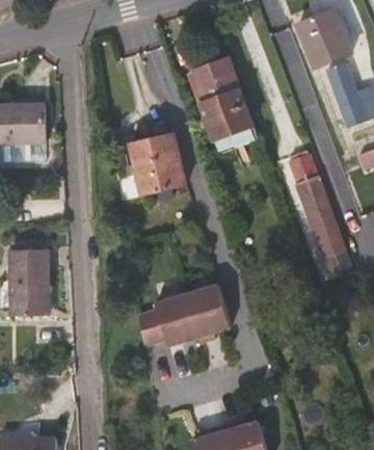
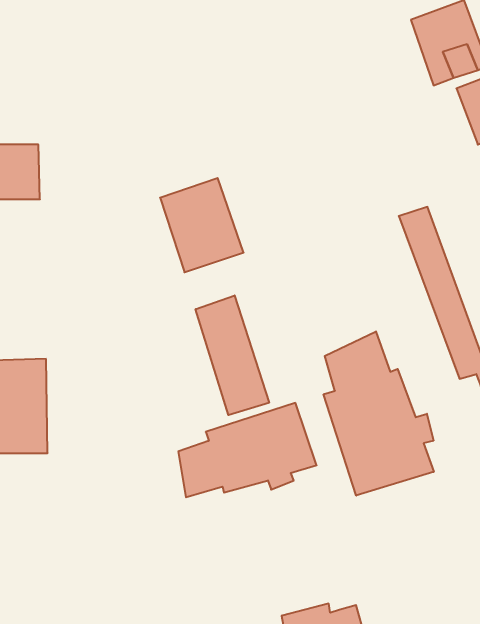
building: [192,57,253,139] -> none
building: none -> [196,295,269,415]
building: none -> [324,331,434,496]

